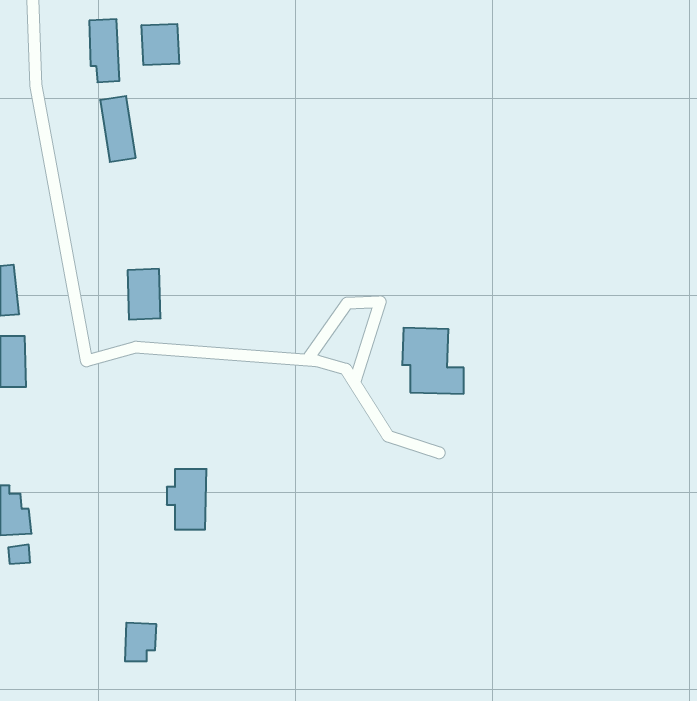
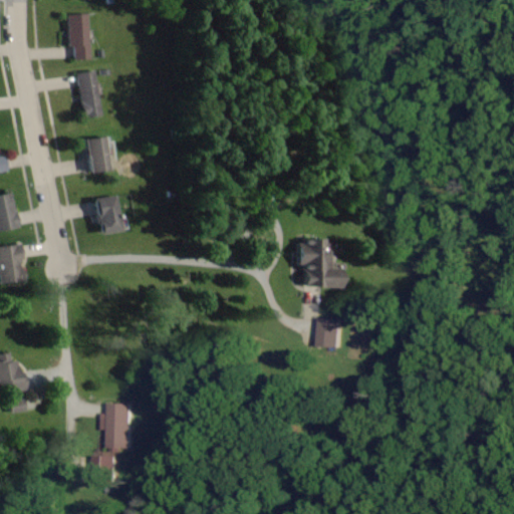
building: [142,24,179,65] -> none
building: none -> [87,137,111,173]
building: none -> [319,319,342,347]
building: [167,469,207,530] -> [103,404,133,448]

